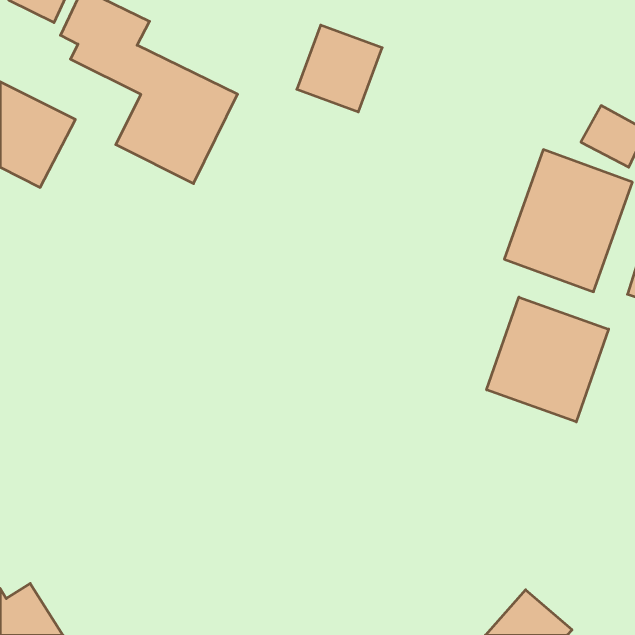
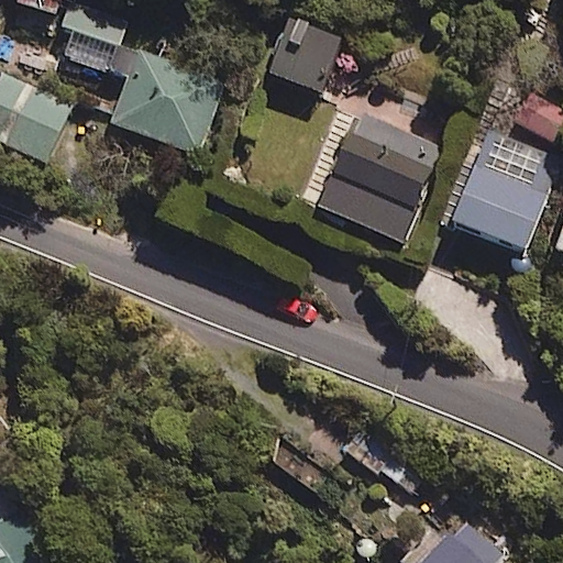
building: none -> [317,113,441,247]
building: [487,297,609,422] -> none

